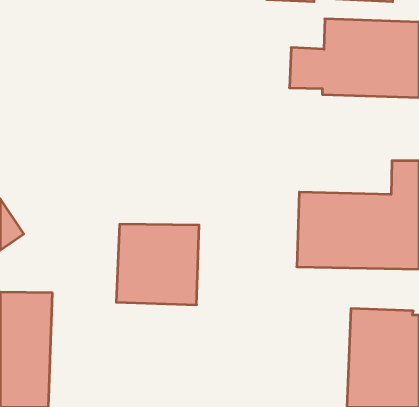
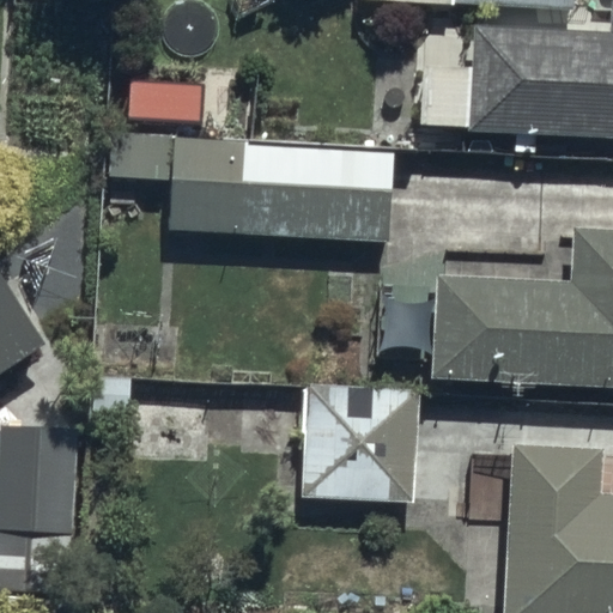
building: none -> [171,129,394,238]
building: [116,224,199,305] -> [299,382,420,499]

